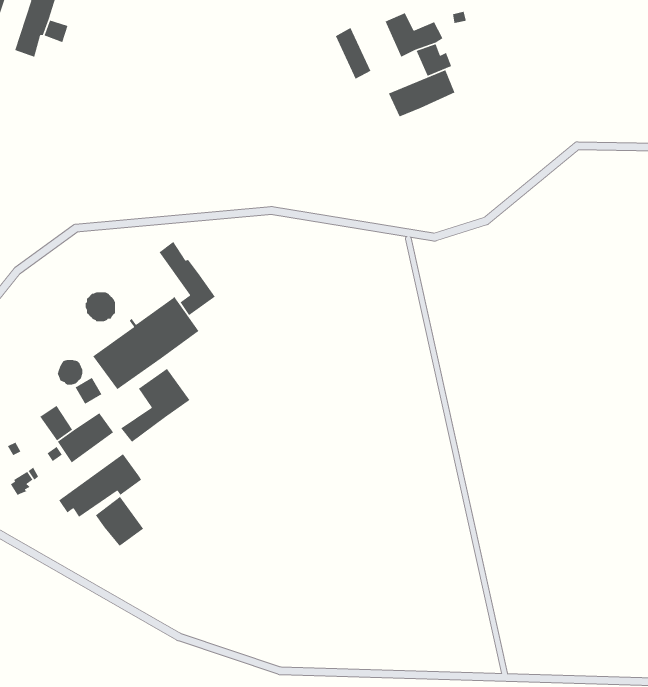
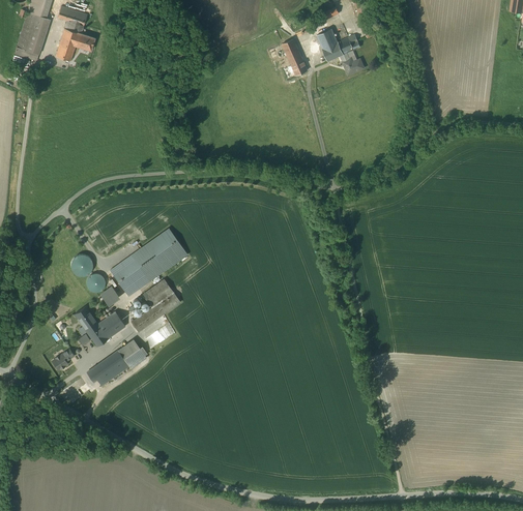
building: [388,69,456,117] -> none
building: [158,241,216,316] -> none
building: [85,291,116,322] -> [70,254,92,276]
building: [95,496,144,547] -> none

